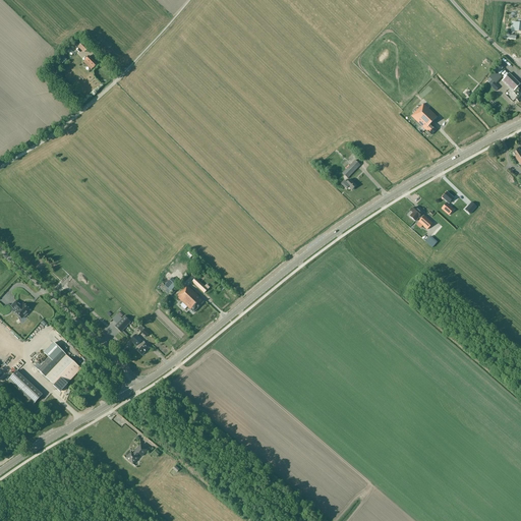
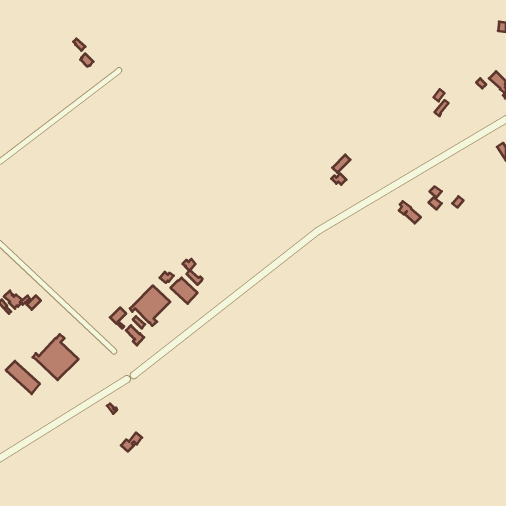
building: [410,103,436,134] -> none
building: none -> [130,286,170,326]

